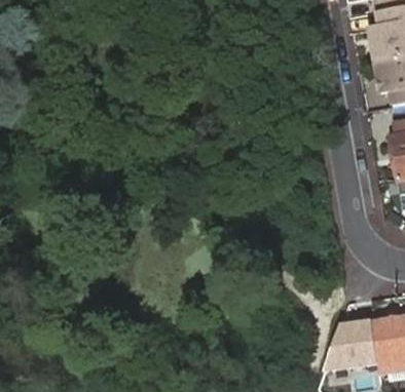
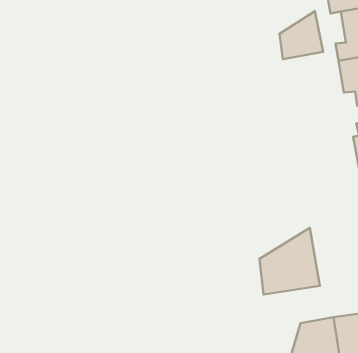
building: none -> [279,11,323,59]
building: none -> [259,228,320,294]

